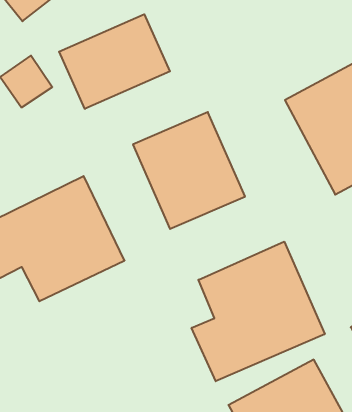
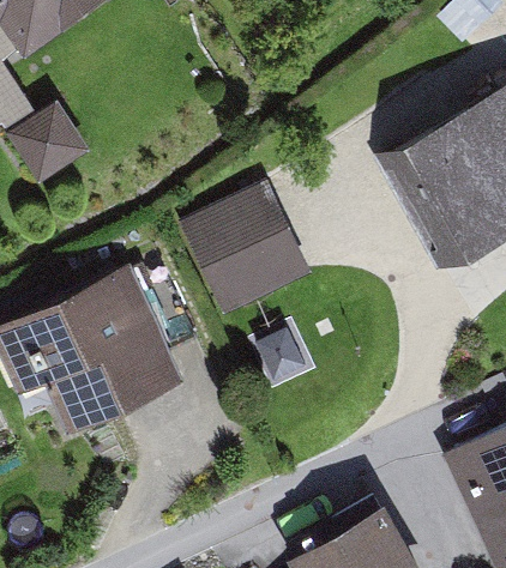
building: [59,14,170,109] -> none
building: [192,242,325,381] -> none

